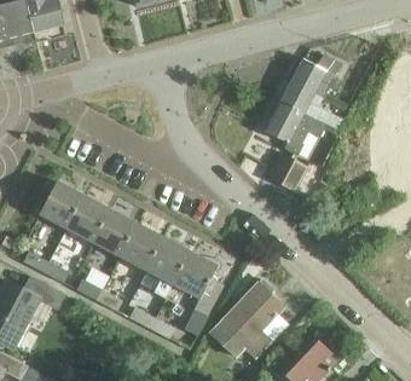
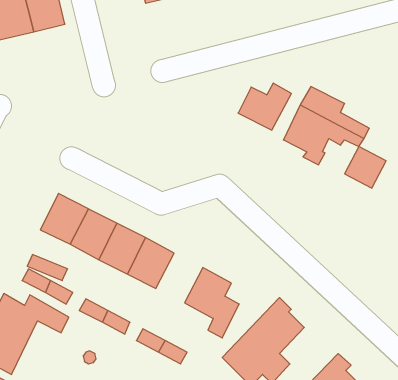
building: [290,54,340,98] -> [238,83,291,130]
building: [268,152,307,191] -> [345,146,386,188]
building: [146,237,190,283] -> none

